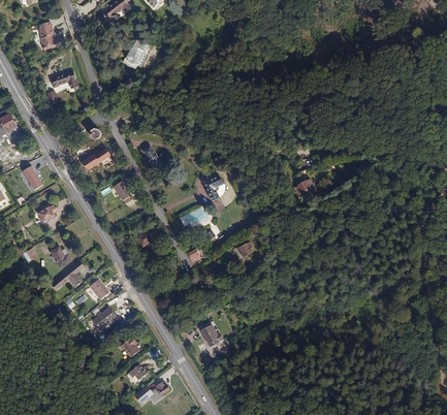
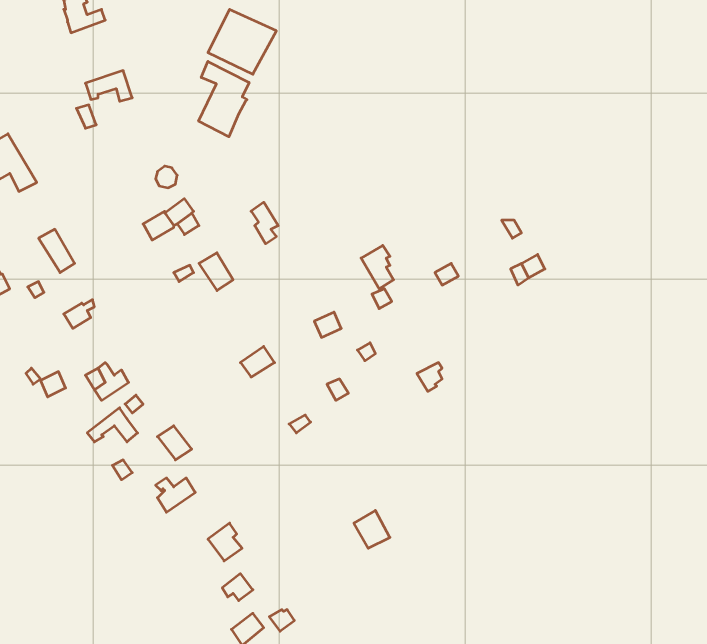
building: none -> [199,61,249,137]

